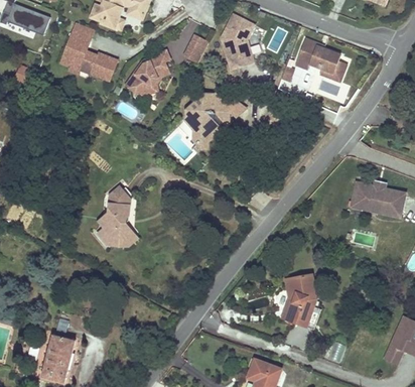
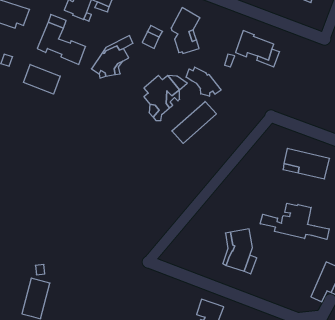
building: none -> [23,64,60,94]
building: none -> [186,67,221,96]
building: none -> [172,101,216,143]
building: [98,185,130,244] -> none
building: none -> [260,203,329,239]

